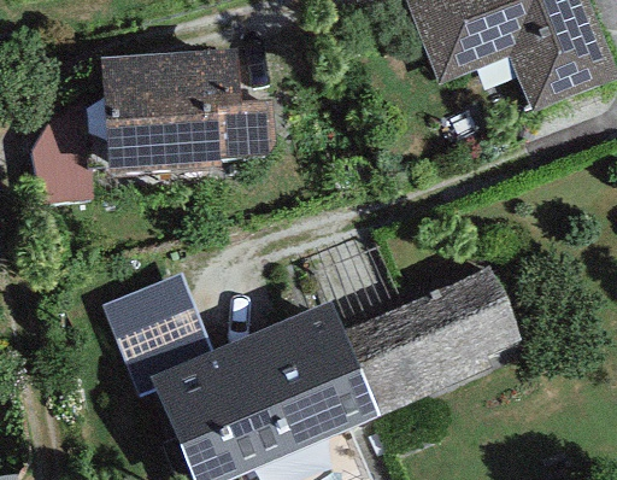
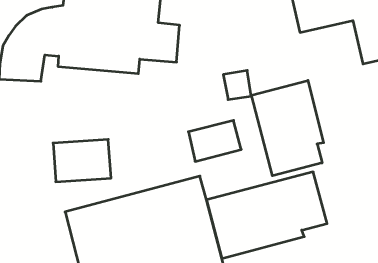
building: none -> [251,80,324,176]

